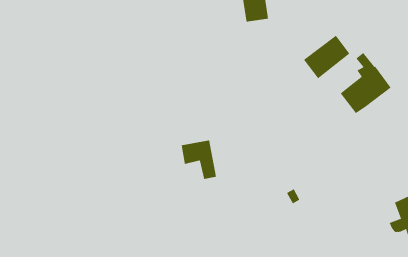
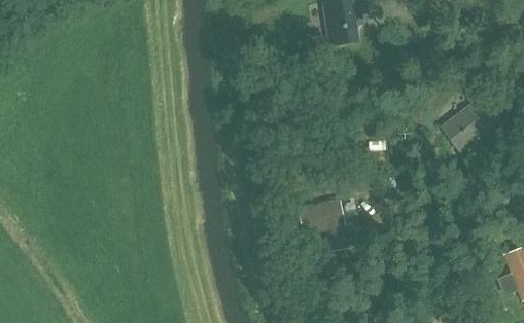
building: [303,35,350,79] -> none
building: [181,140,217,179] -> [304,202,346,248]

